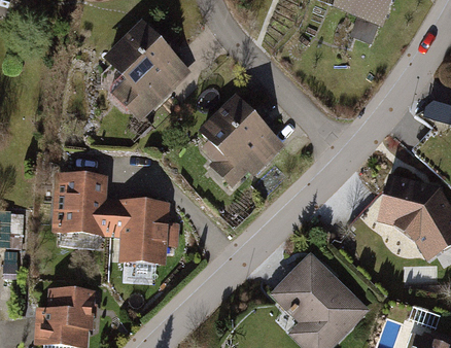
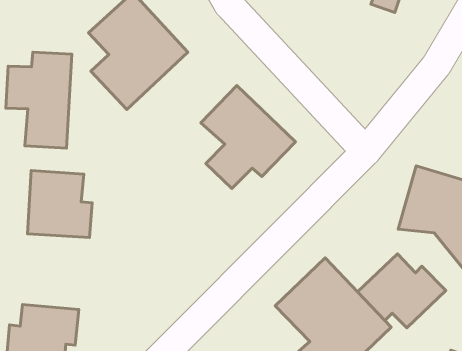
building: none -> [6,52,72,148]
building: [107,203,176,262] -> none
building: none -> [357,254,446,328]

